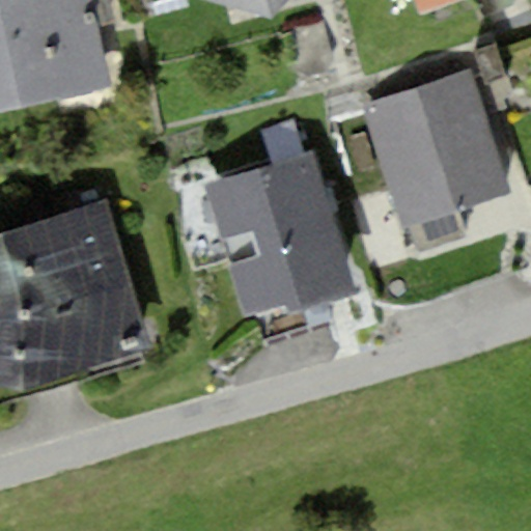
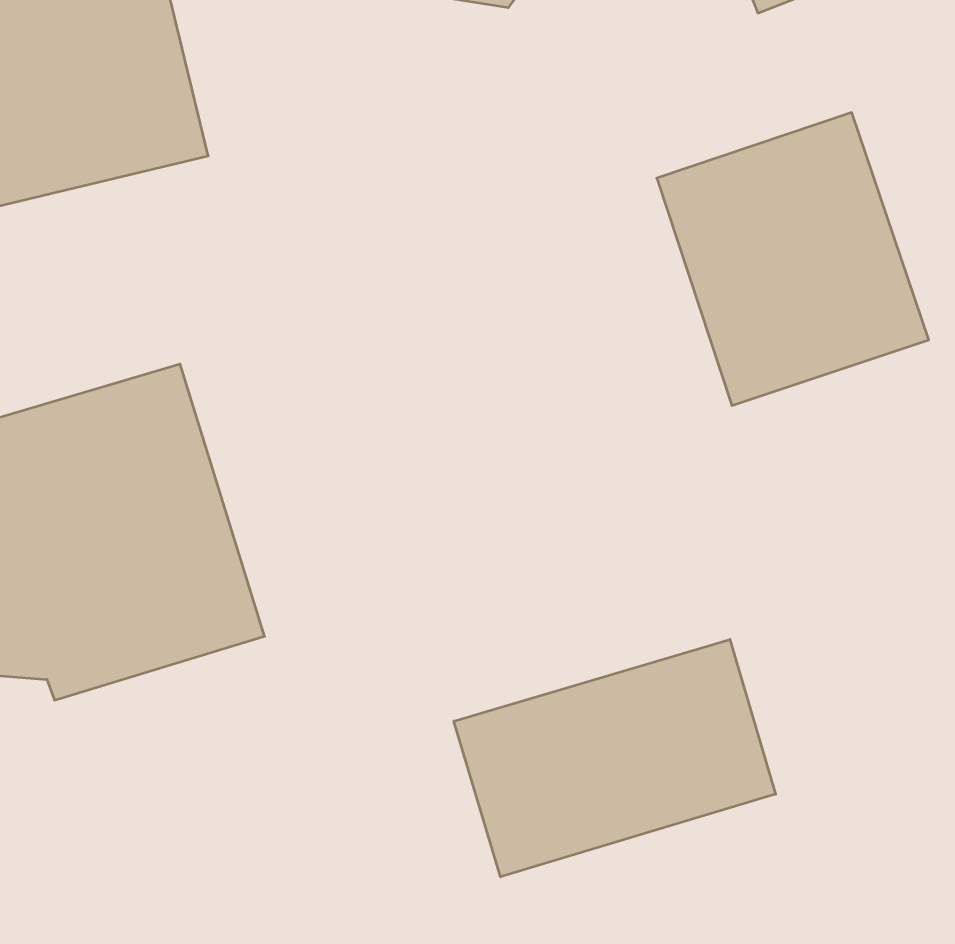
building: [203,153,348,327] -> none
building: none -> [454,639,776,877]

